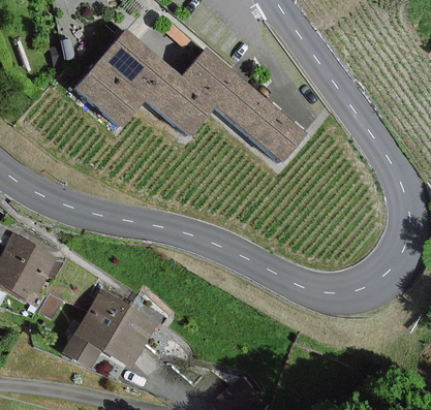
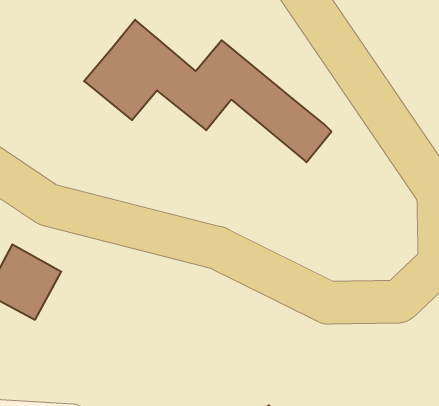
building: [63,290,156,369] -> none

